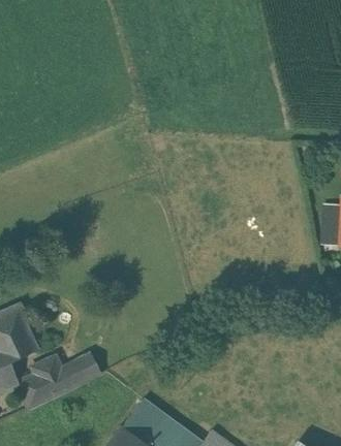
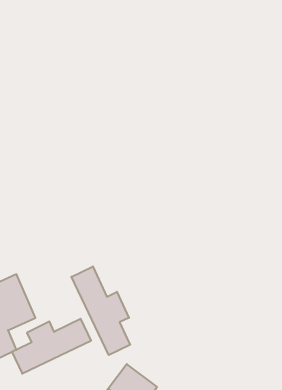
building: none -> [71,266,130,355]

